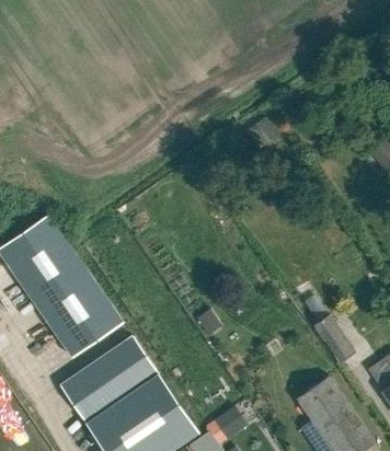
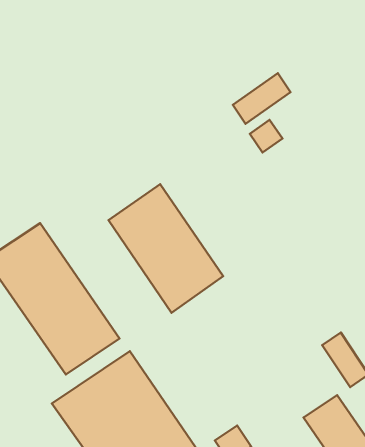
building: none -> [233,73,291,124]
building: none -> [109,184,223,313]

